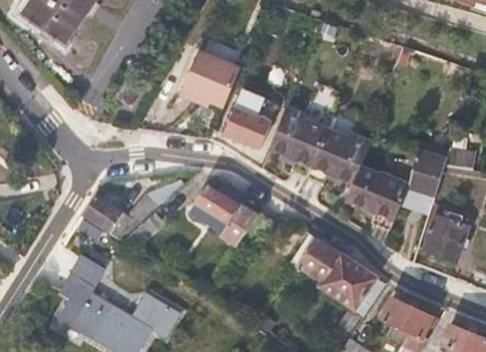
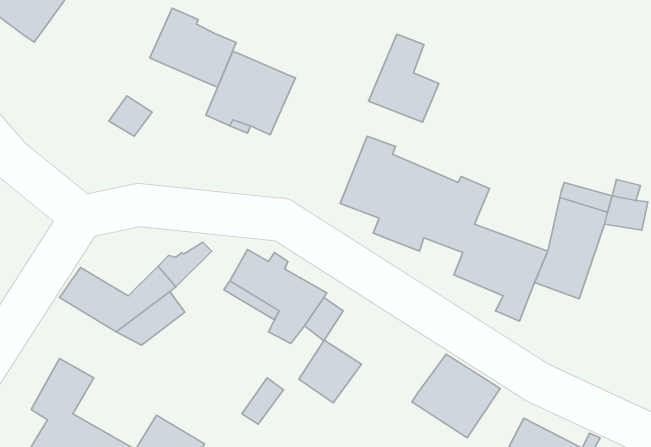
building: none -> [150,8,236,87]
building: [223,89,271,148] -> [369,34,439,122]
building: [423,209,467,261] -> none
building: [299,238,341,280] -> [299,340,361,403]

